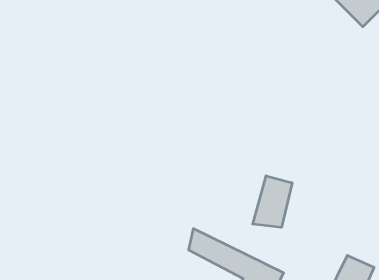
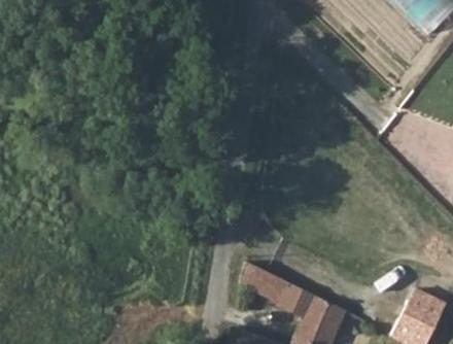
building: [253,176,292,227] -> none

